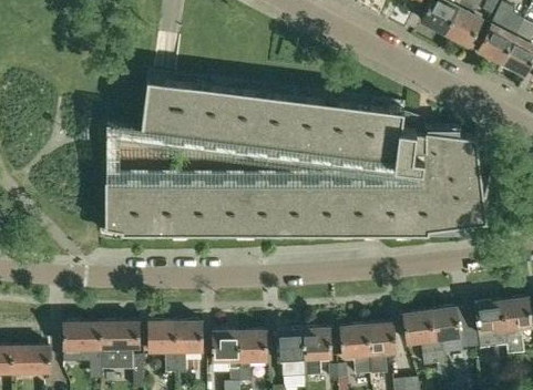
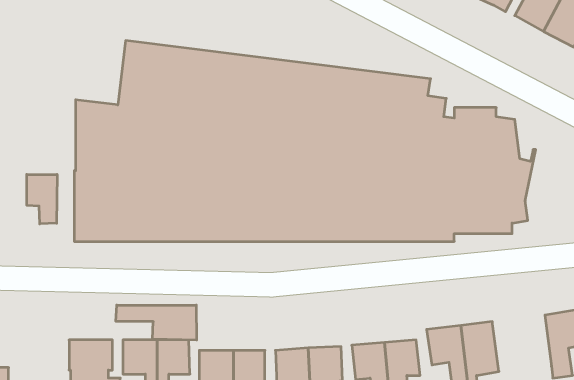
building: none -> [27,174,57,224]
building: none -> [116,305,197,340]
building: [474,301,508,348] -> none
building: [63,322,101,348] -> none

